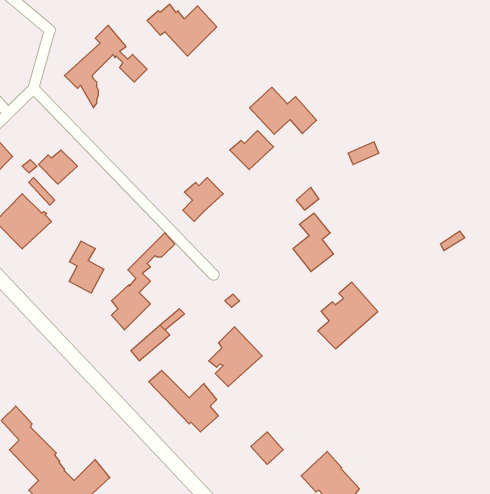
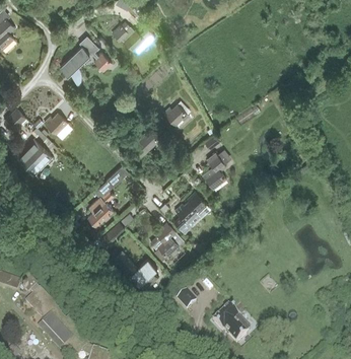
building: [250,87,317,134] -> none
building: [69,241,104,293] -> none
building: [318,282,378,349] -> [172,191,210,232]

